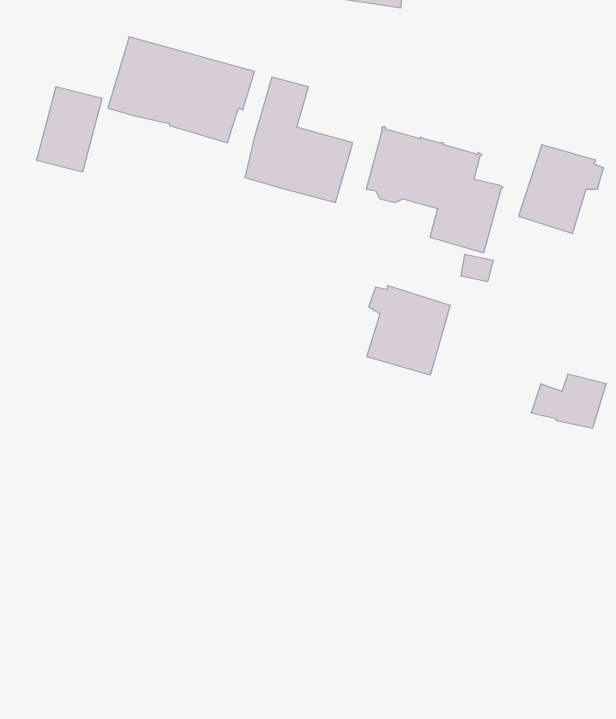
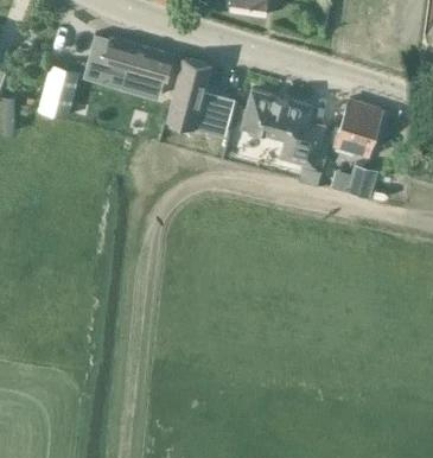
building: [367,285,450,375] -> none
building: [531,374,606,428] -> [331,165,377,198]

